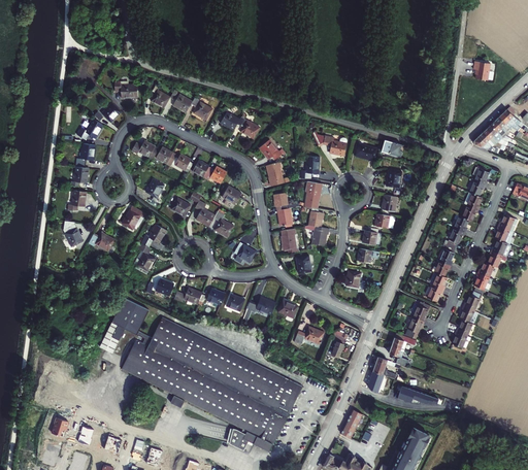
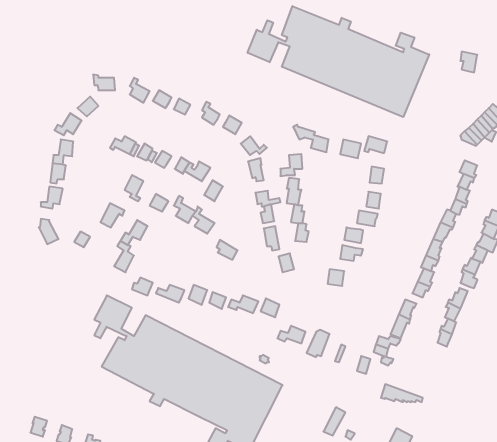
building: none -> [248,6,429,117]

